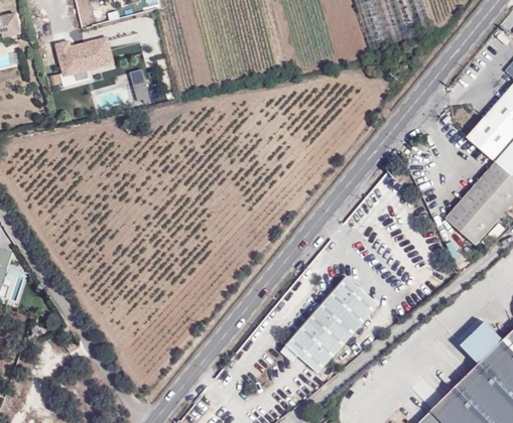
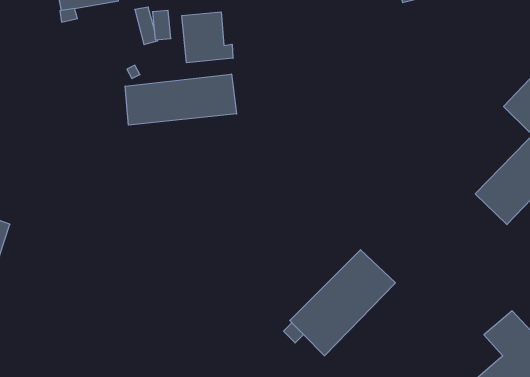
building: none -> [182,12,233,63]
building: none -> [125,74,237,125]

